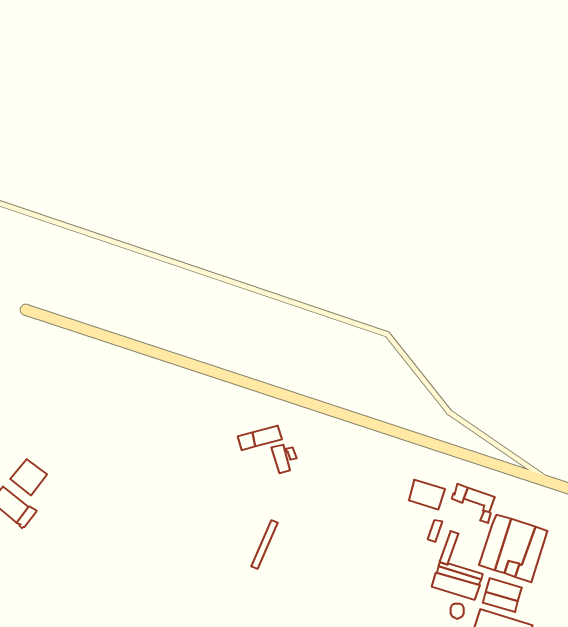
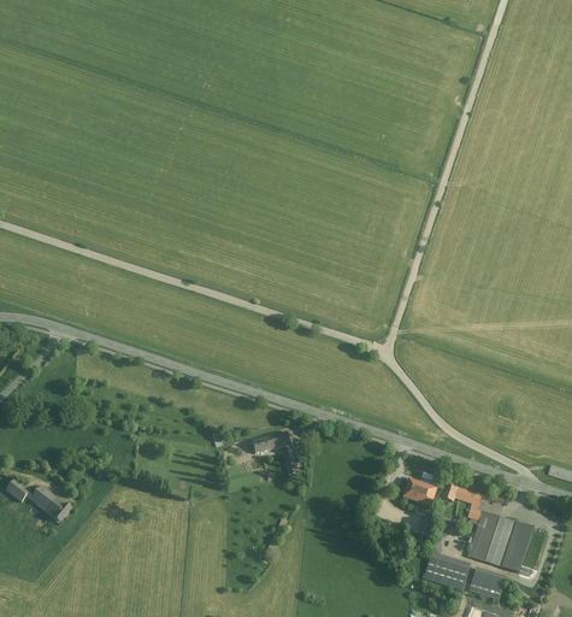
building: [10,459,47,495] -> none

